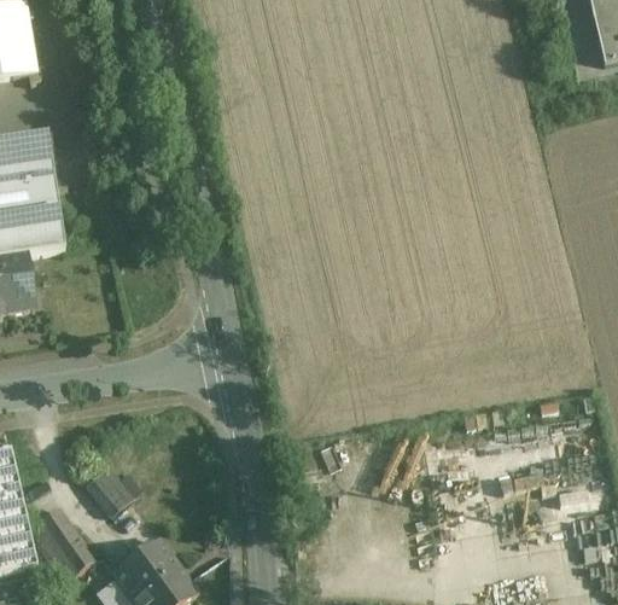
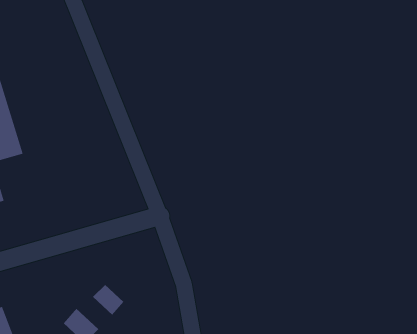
building: none -> [92,284,124,315]

